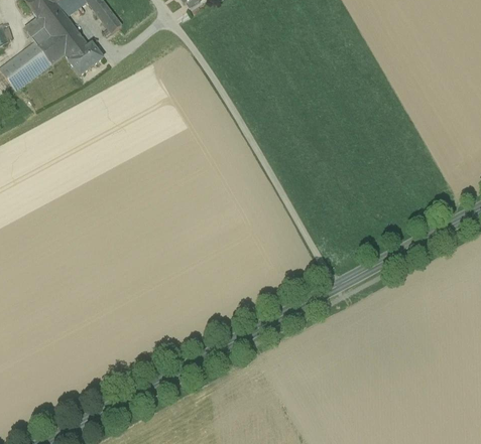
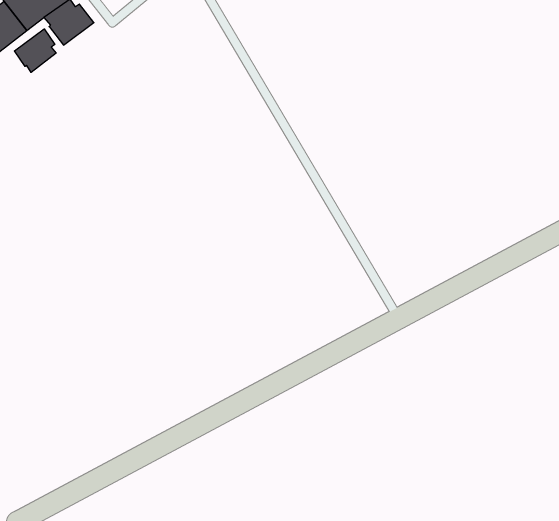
building: none -> [14,29,56,72]

